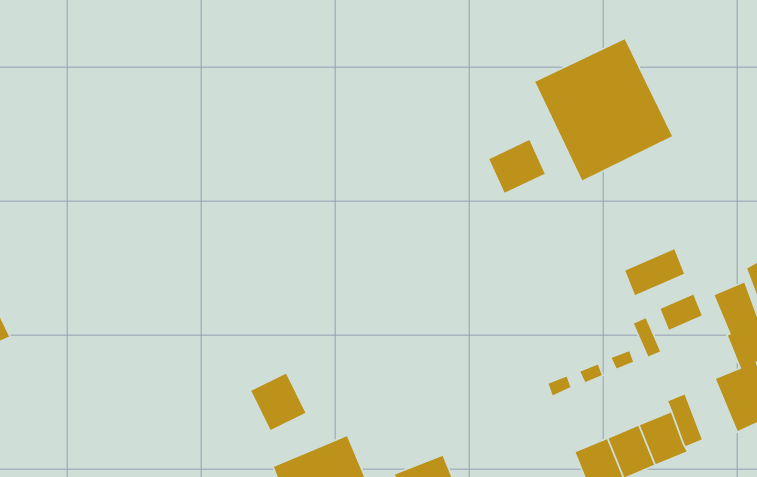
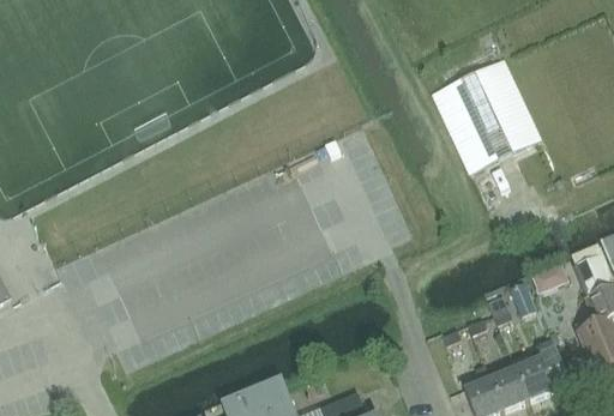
building: [488,139,546,194] -> none
building: [624,248,685,296] -> none
building: [250,373,307,431] -> none

